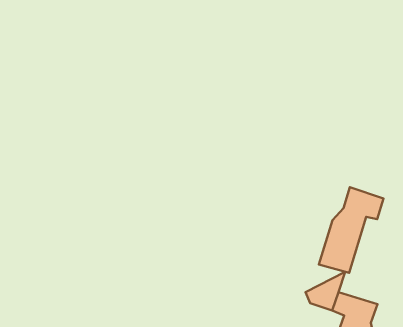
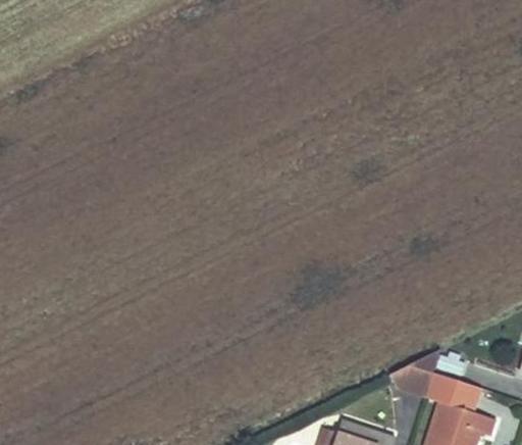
building: [319,187,384,273] -> none

